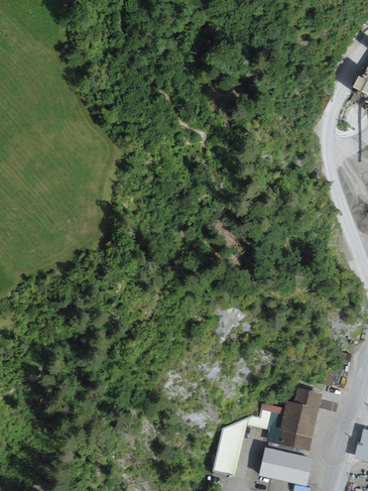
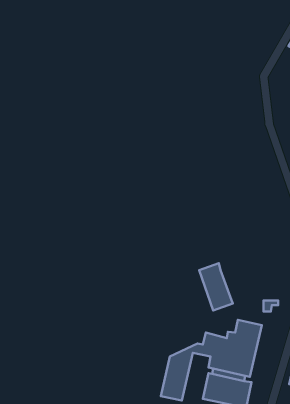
building: none -> [199,263,233,311]

